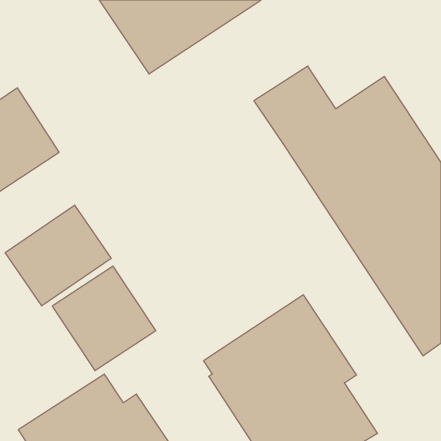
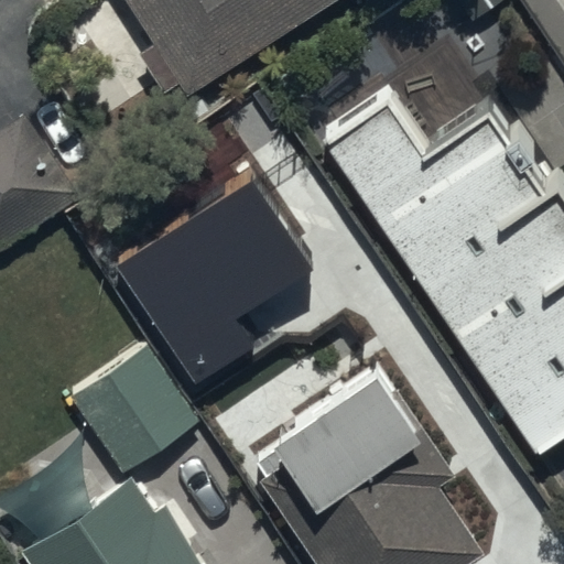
building: none -> [110,166,310,382]
building: [5,205,111,306] -> none

